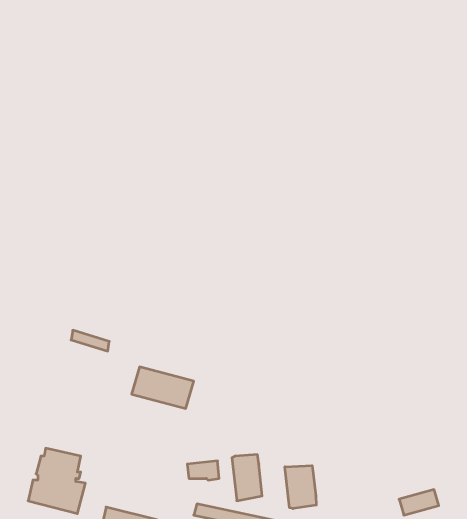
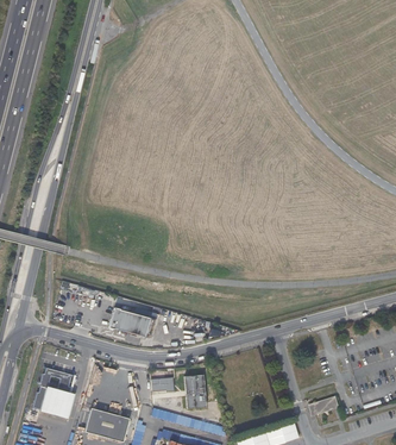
building: [285,466,316,509] -> none

